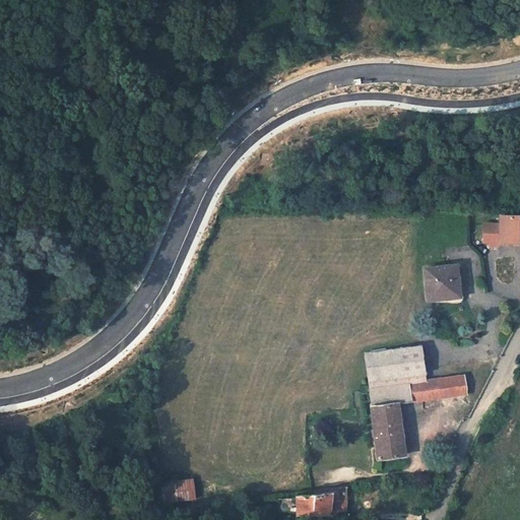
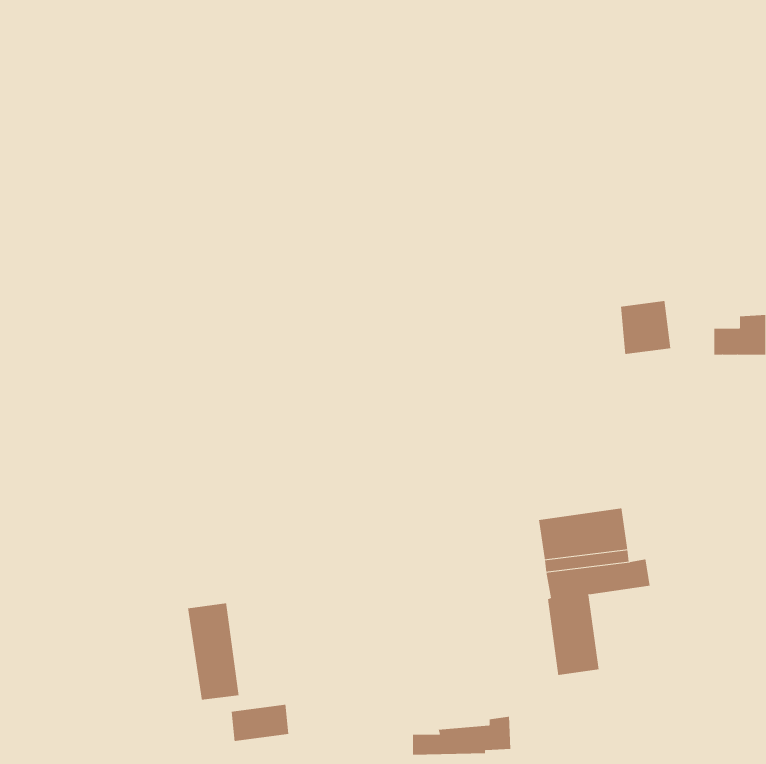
building: [426,264,460,301] -> [620,301,671,354]
building: [438,377,466,398] -> none
building: none -> [187,603,239,701]

